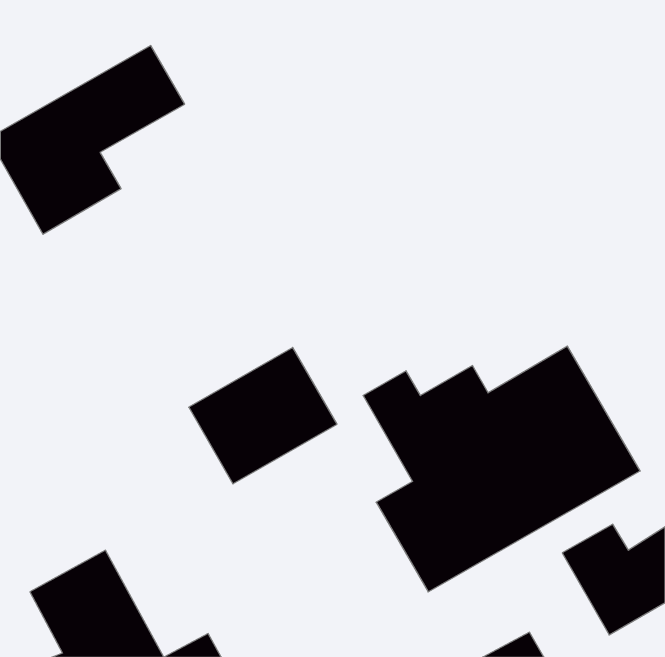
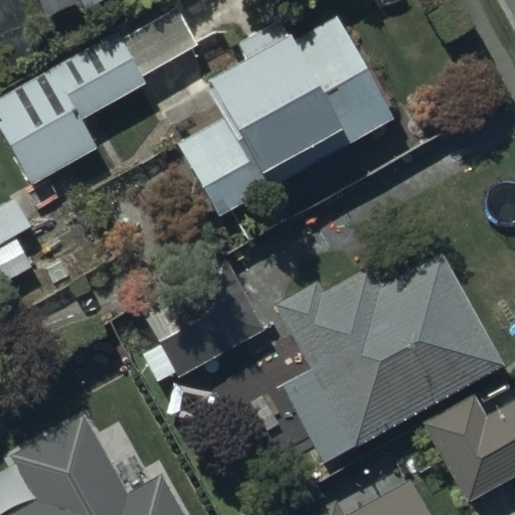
building: none -> [180,21,392,214]

